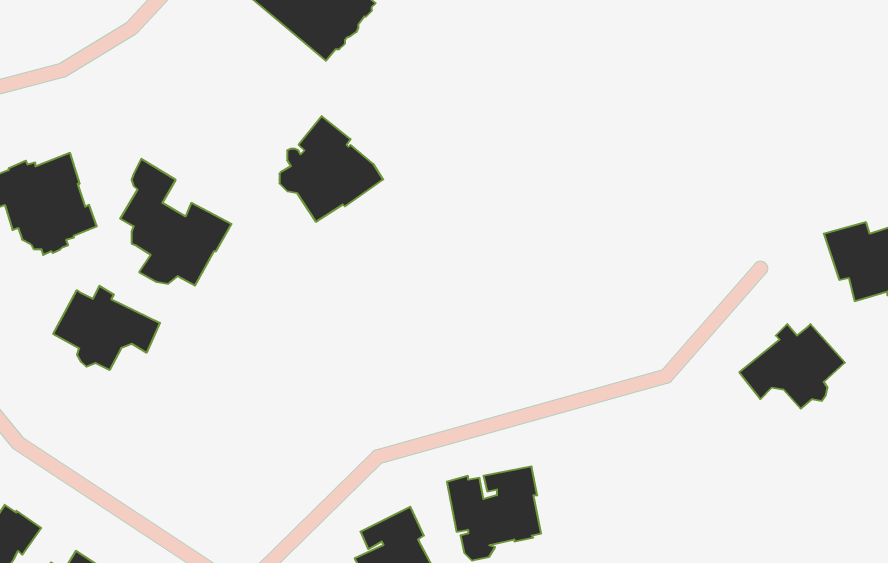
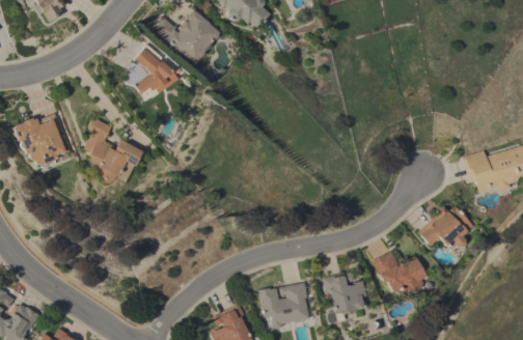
building: [279,116,383,222] -> [125,45,181,102]
building: [53,286,160,370] -> none
building: none -> [373,252,426,293]
building: none -> [323,273,366,322]

